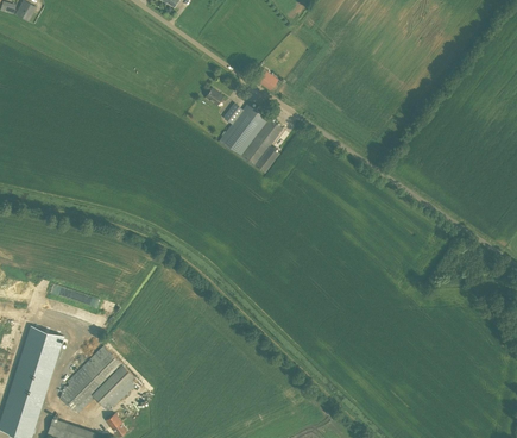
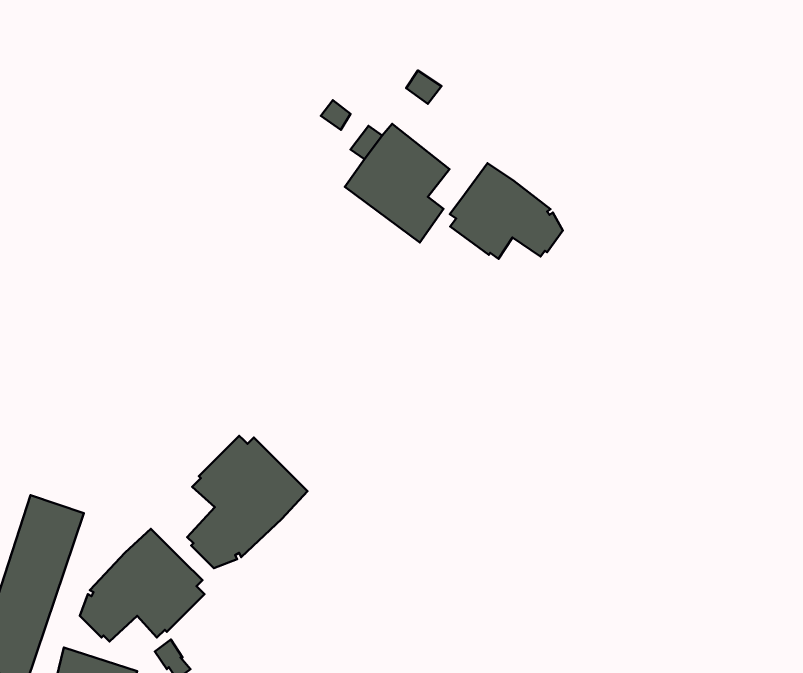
building: none -> [450,163,563,259]
building: none -> [187,436,307,568]

